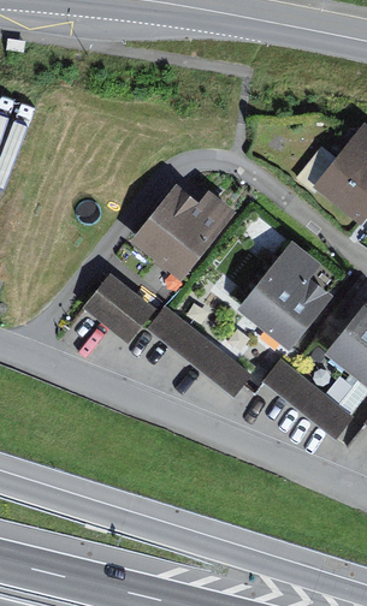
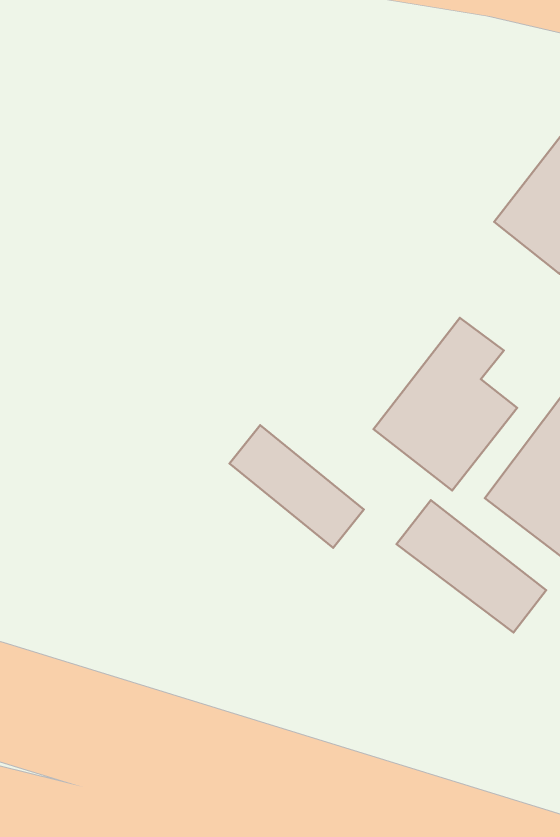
building: [125,182,239,286] -> none
building: [93,277,156,338] -> none

